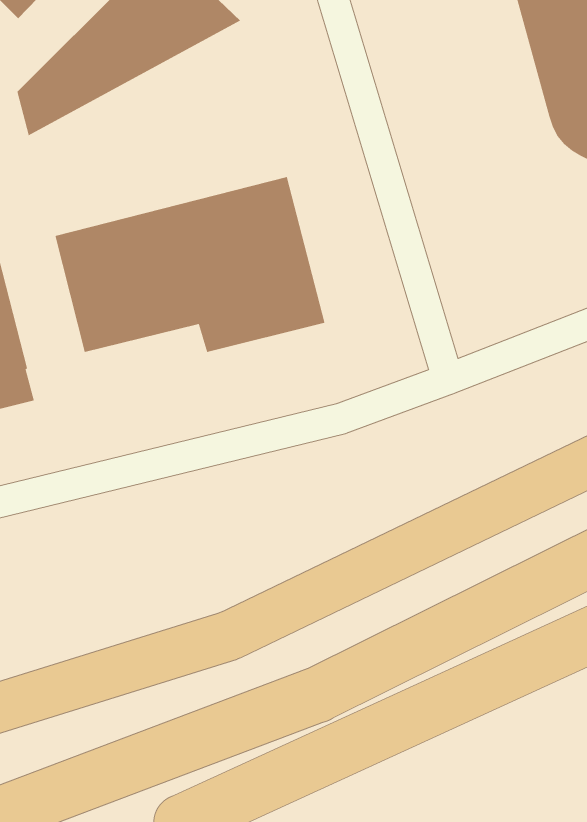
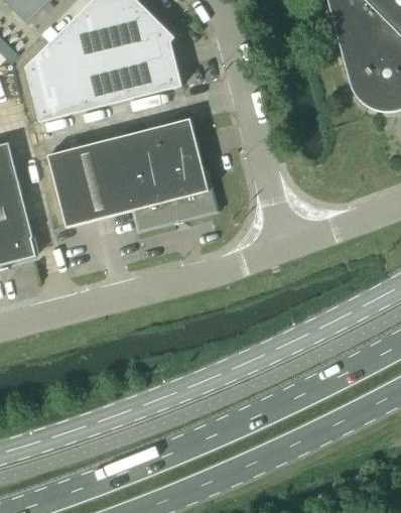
building: none -> [32,23,182,121]

